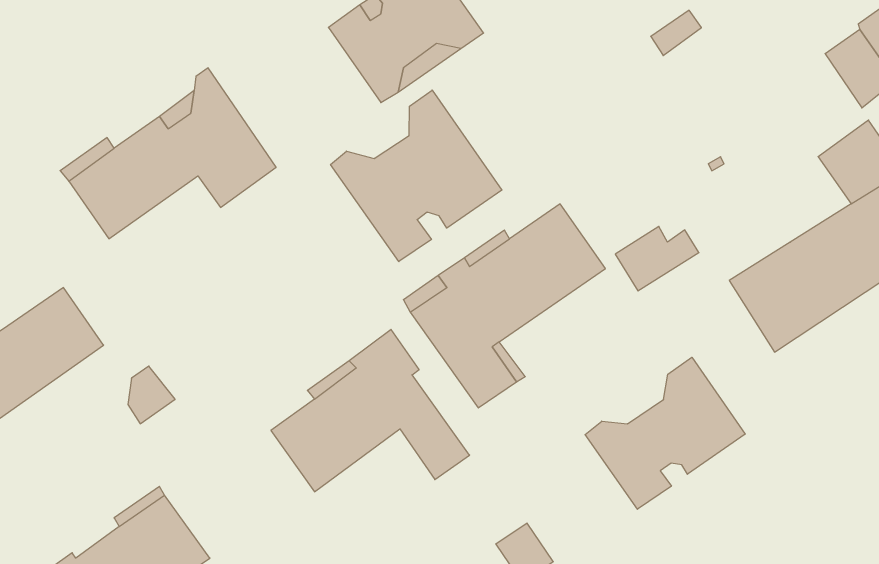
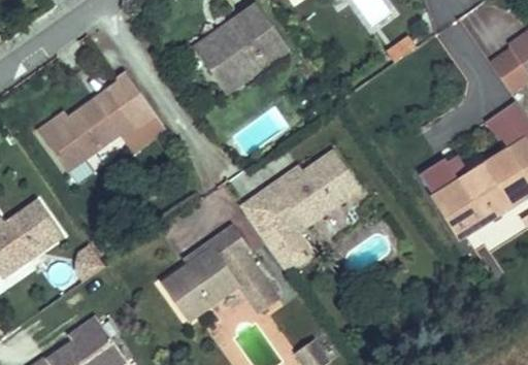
building: [331,90,502,262] -> none
building: [615,226,699,291] -> [420,158,469,196]
building: [585,357,745,509] -> none

